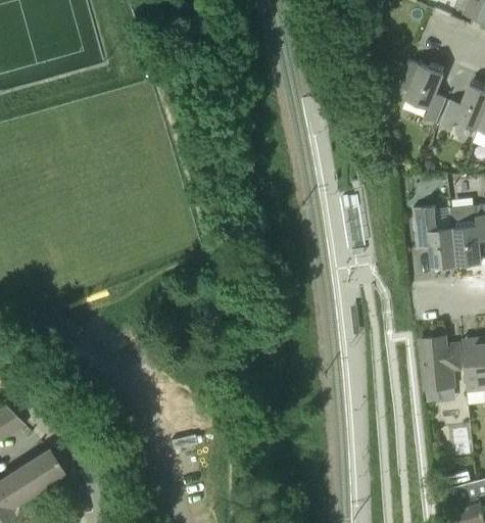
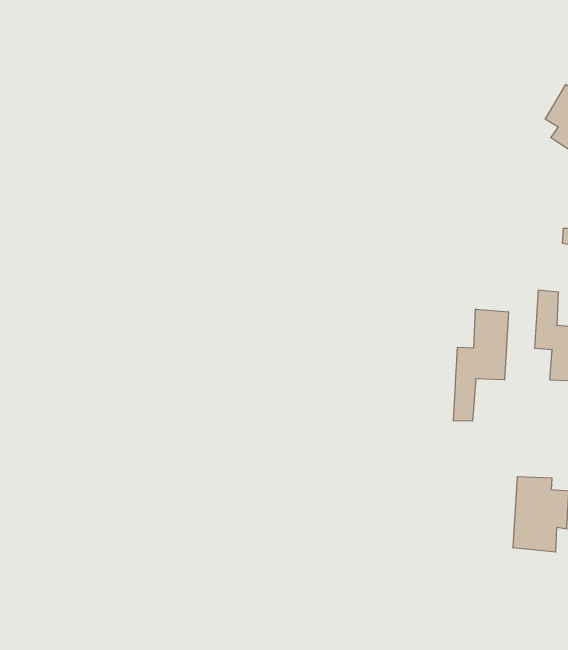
building: none -> [453,309,508,421]

